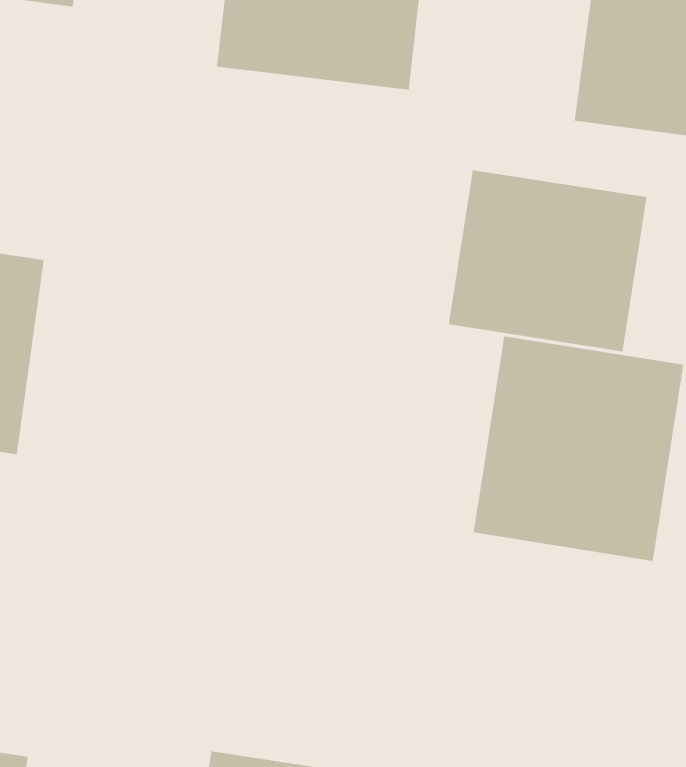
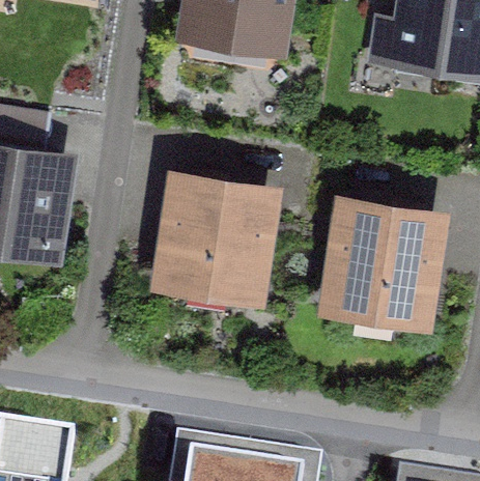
building: [448,169,647,352] -> none
building: none -> [160,172,282,309]

